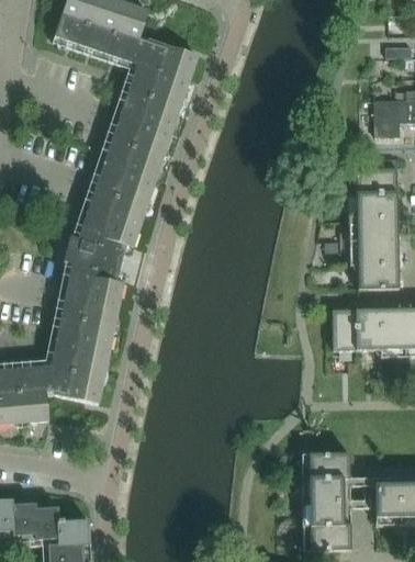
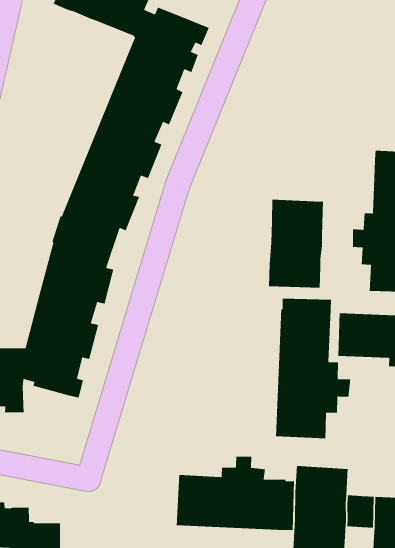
building: none -> [268,199,324,288]
building: none -> [275,298,351,439]
building: none -> [176,456,295,531]

